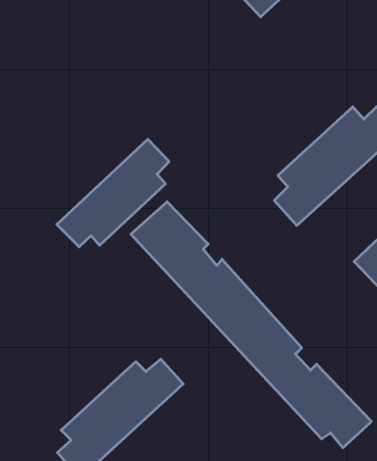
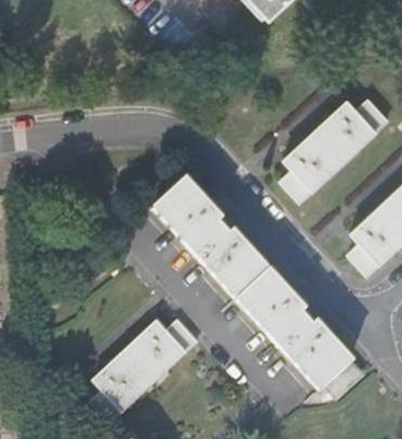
building: [57,139,169,247] -> none

